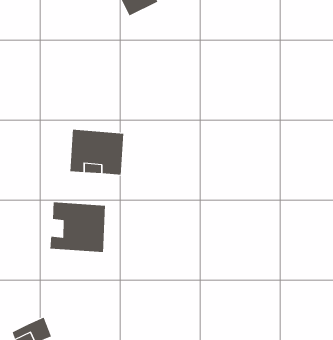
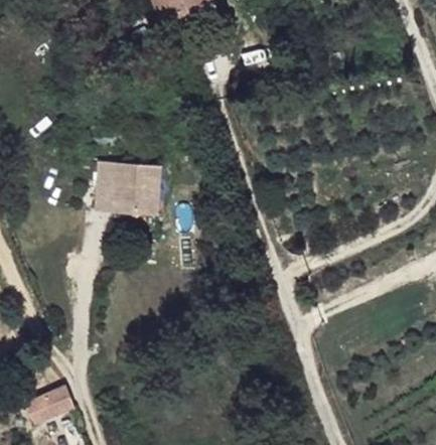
building: [50,201,106,253] -> none

